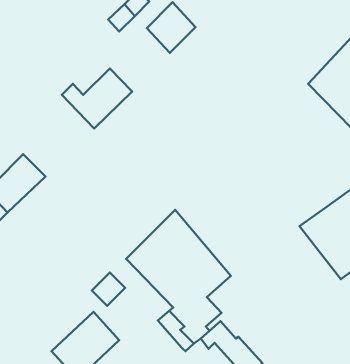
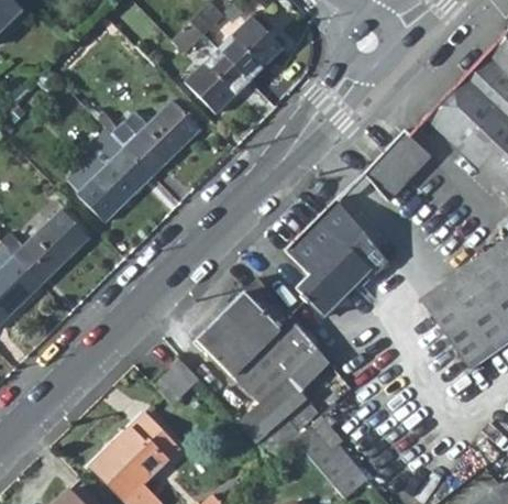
building: none -> [187,46,251,110]
building: none -> [71,124,154,221]
building: none -> [364,130,428,196]
building: none -> [285,199,384,317]

